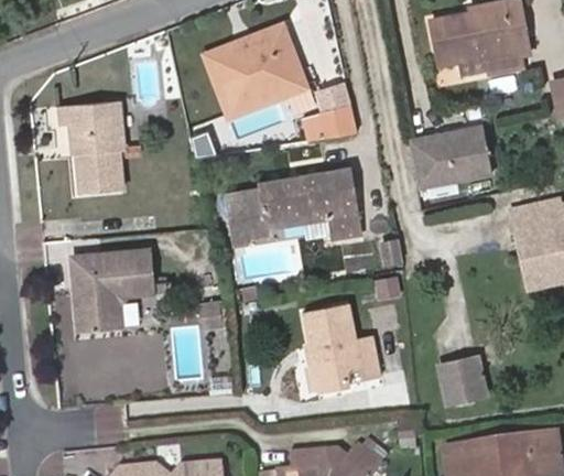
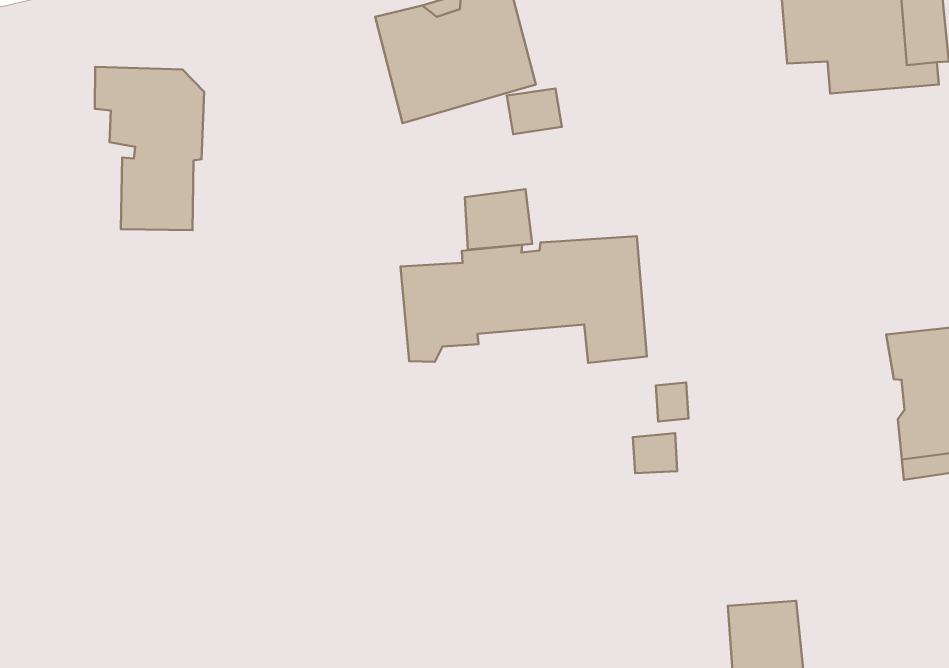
building: [316,102,356,139] -> [465,189,532,249]
building: [409,123,491,185] -> none
building: [76,252,153,331] -> none
building: [302,305,379,392] -> none

